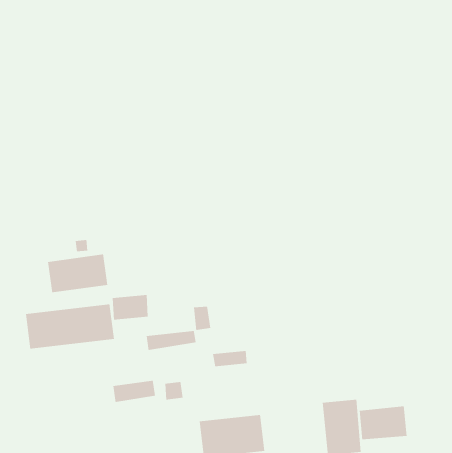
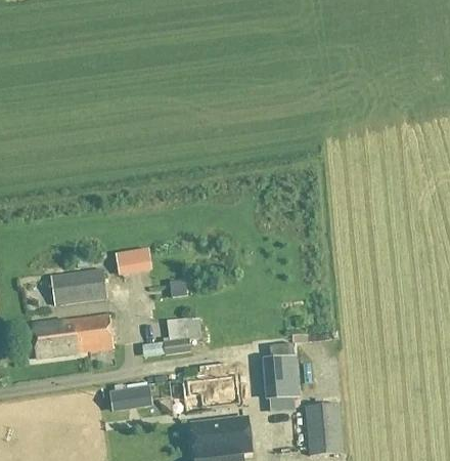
building: [112,295,148,320] -> [121,247,154,270]
building: none -> [265,357,297,399]
building: none -> [184,374,238,407]
building: [359,406,407,440] -> none

